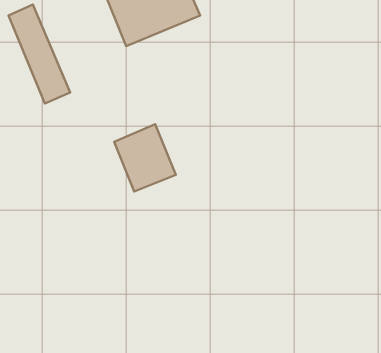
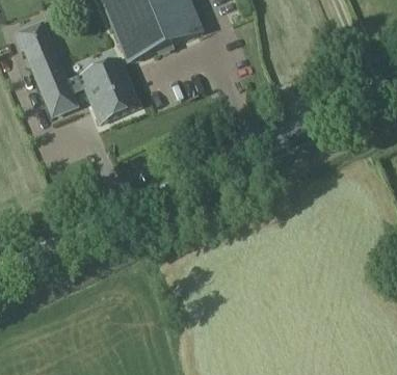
building: [114,124,176,192] -> [81,57,139,120]

